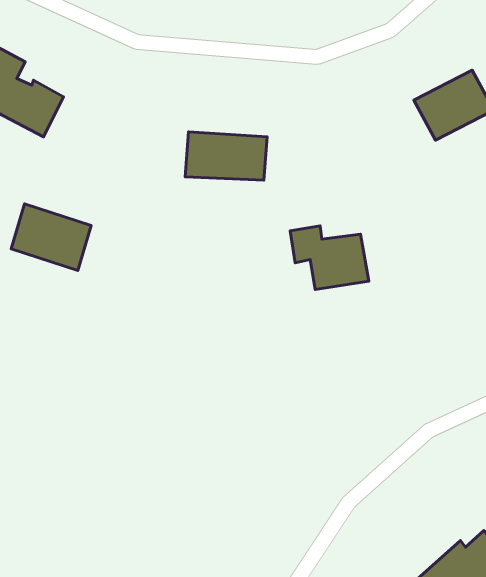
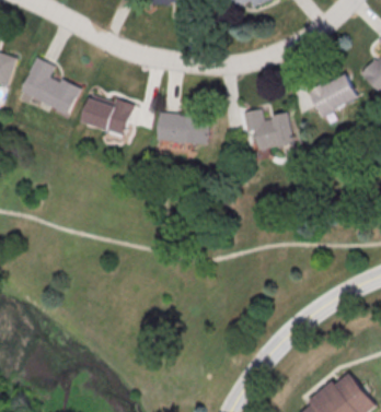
building: [11,204,91,270] -> [82,92,135,136]
building: [290,226,369,289] -> [244,108,296,150]

